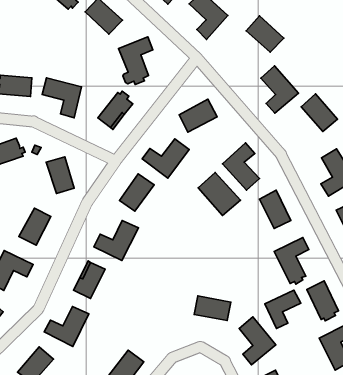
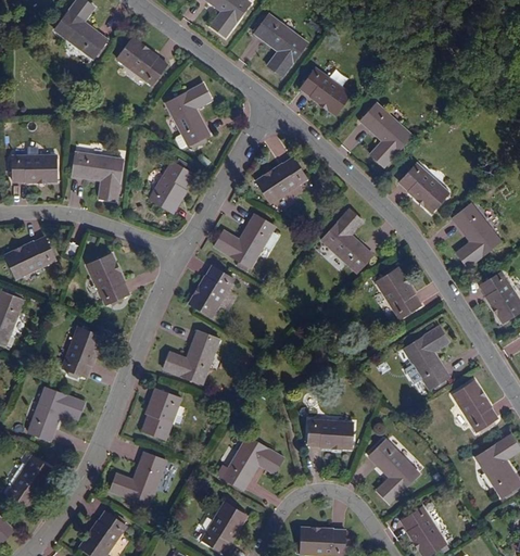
building: [246,16,284,52] -> [300,67,351,114]
building: [301,94,337,131] -> [398,162,448,211]
building: [198,172,241,215] -> none
building: [265,290,301,329] -> none
building: none -> [223,435,283,489]

